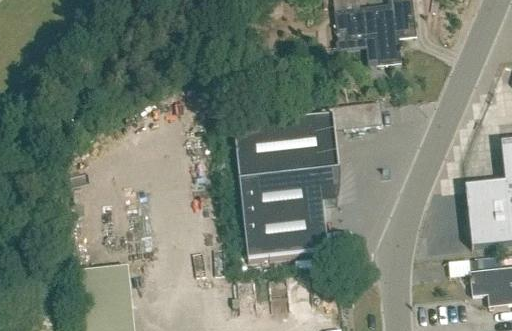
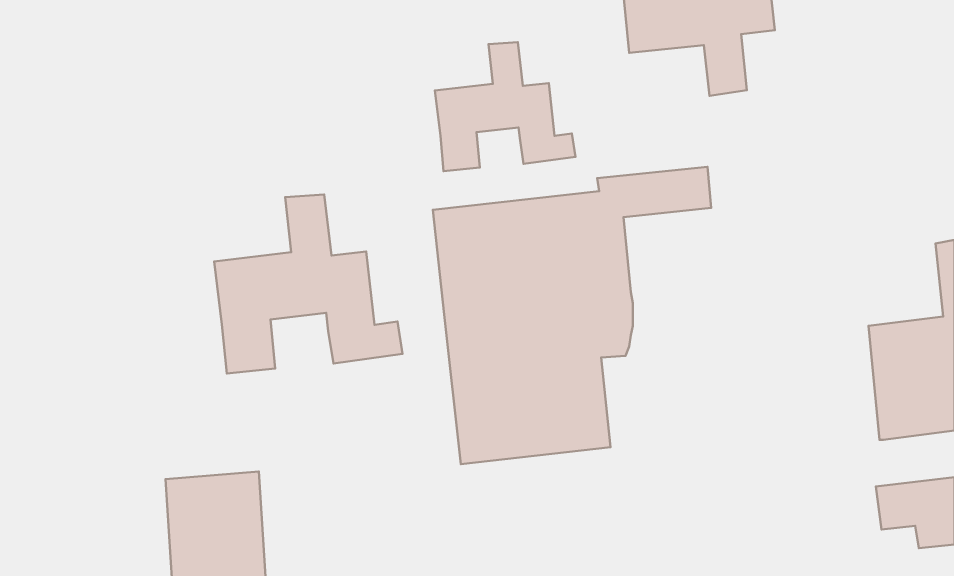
building: none -> [435,42,576,171]
building: none -> [214,194,403,373]

